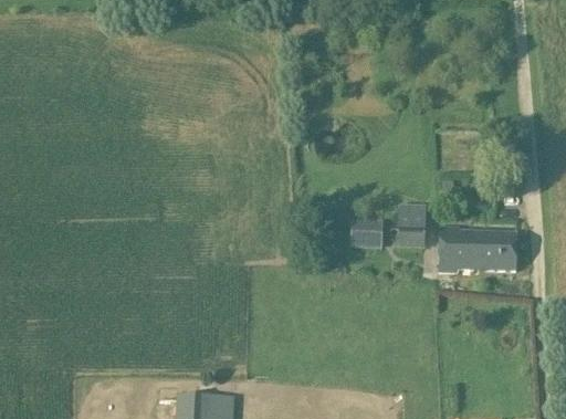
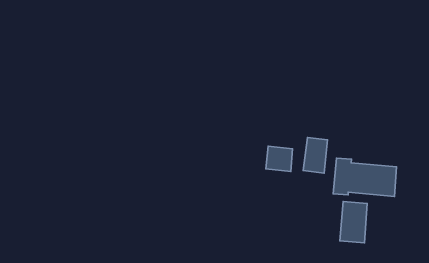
building: none -> [340,202,367,243]

